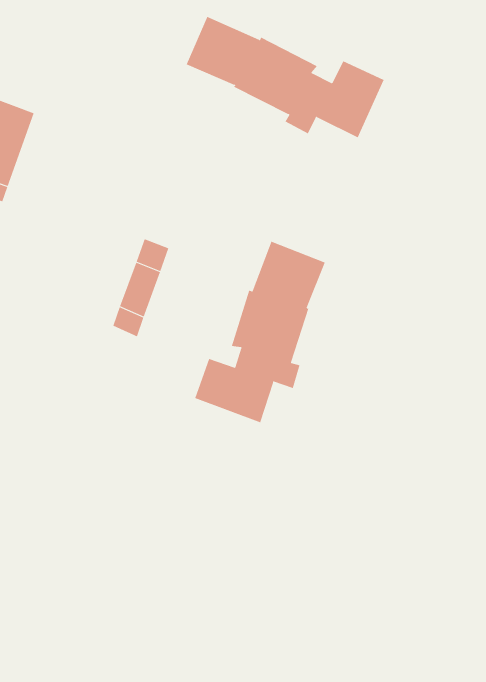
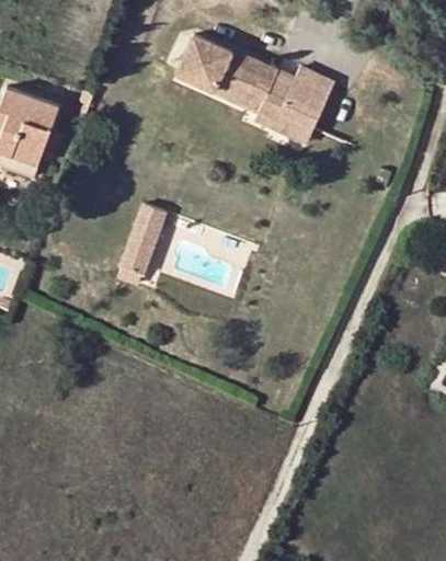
building: [194,241,325,423] -> none

